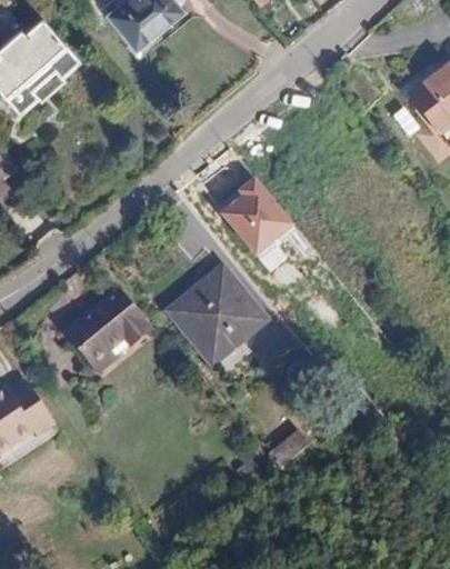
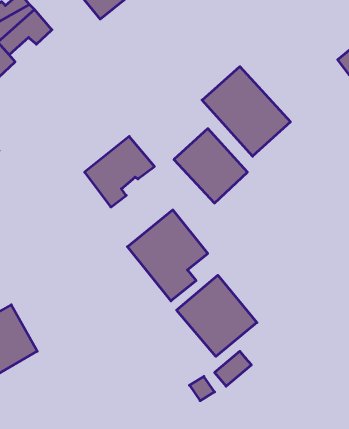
building: none -> [202,67,290,156]
building: [63,289,143,370] -> [85,136,154,207]
building: none -> [177,275,257,356]

